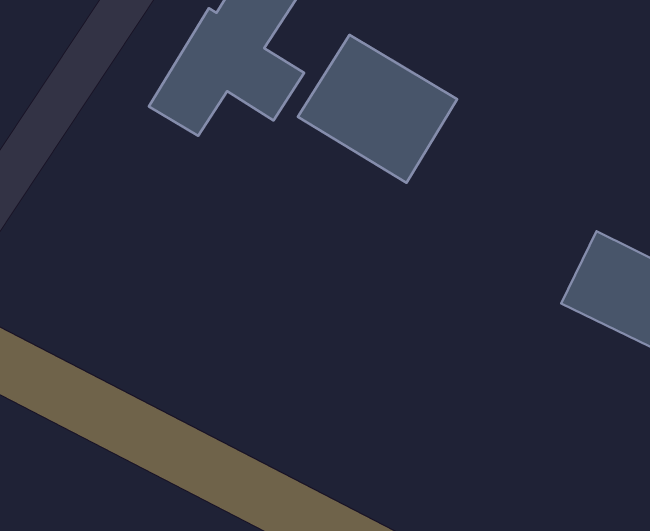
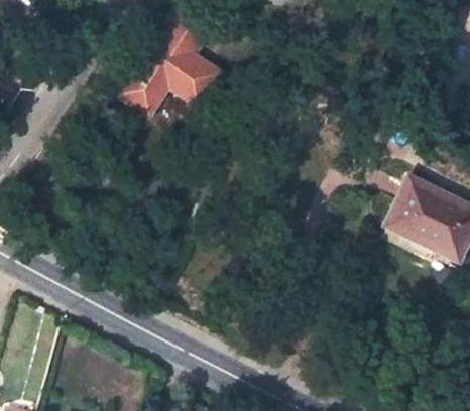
building: [298,35,457,183] -> none

